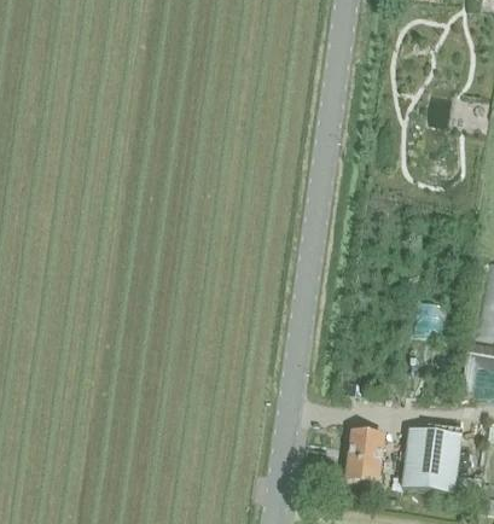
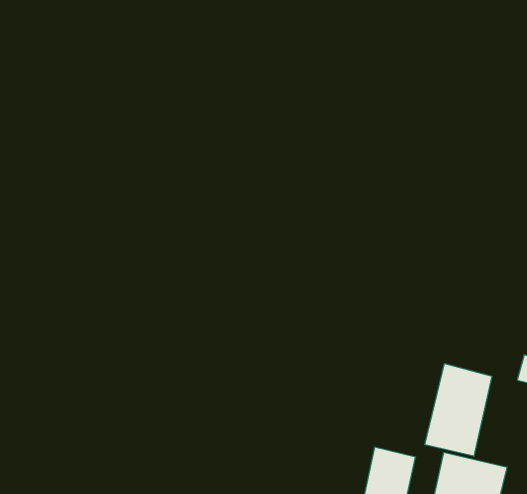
building: none -> [425,364,492,456]

